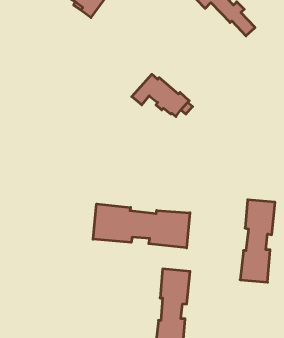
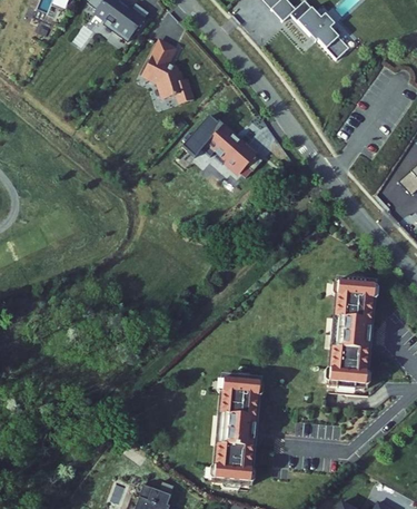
building: none -> [146,35,198,98]
building: [93,204,190,248] -> none

